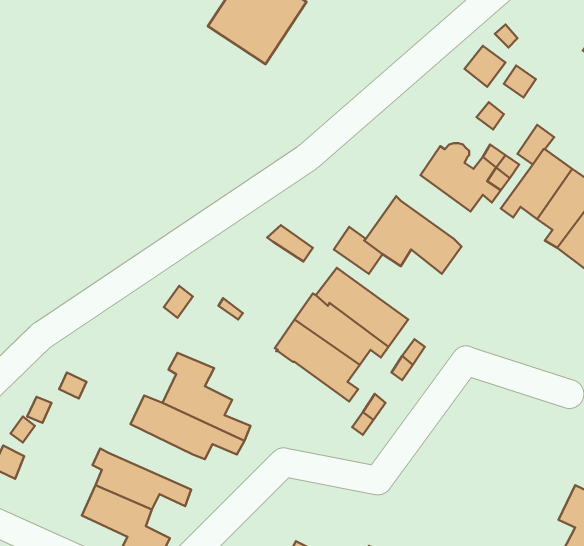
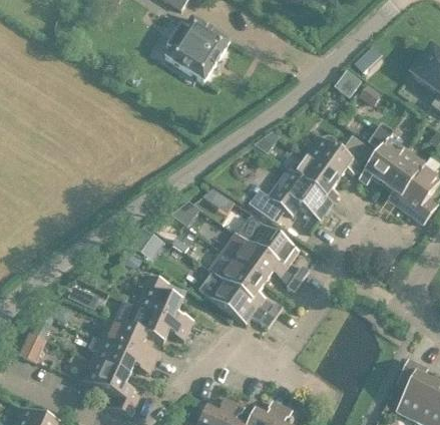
building: none -> [292,155,338,202]
building: none -> [197,272,258,323]
building: none -> [99,319,158,363]

